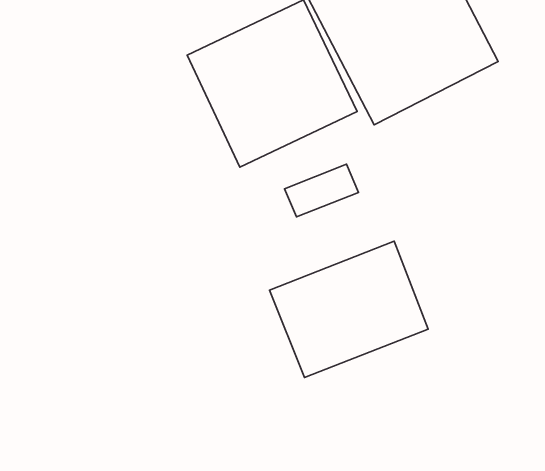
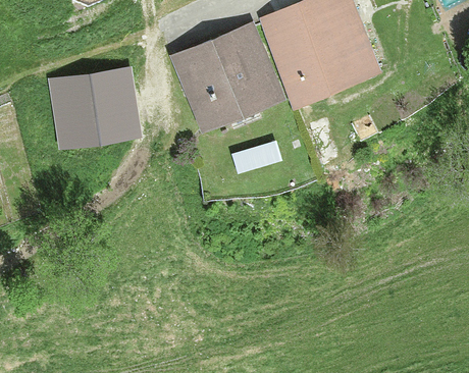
building: none -> [46,59,142,144]
building: [270,241,428,378] -> none

